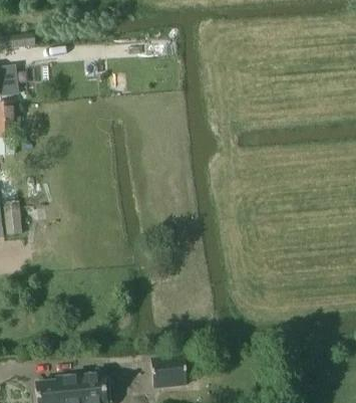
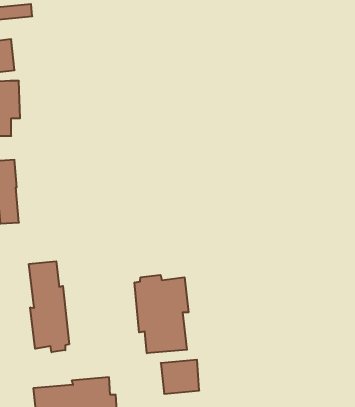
building: none -> [29,261,69,352]
building: none -> [135,275,188,353]

